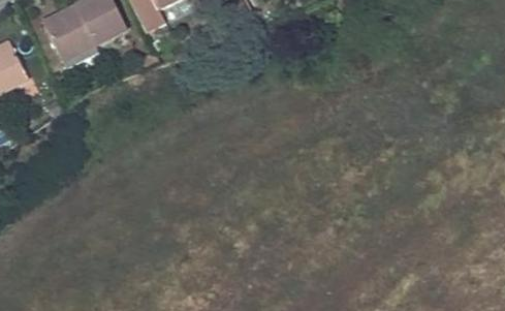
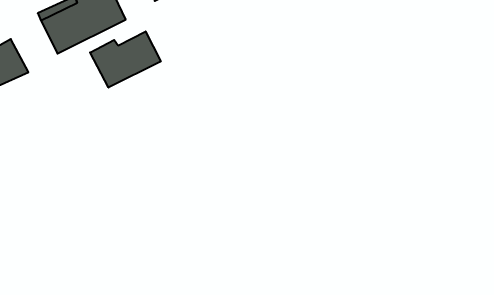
building: none -> [90,31,161,88]

